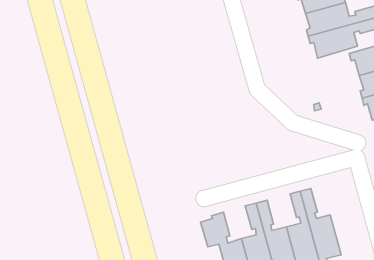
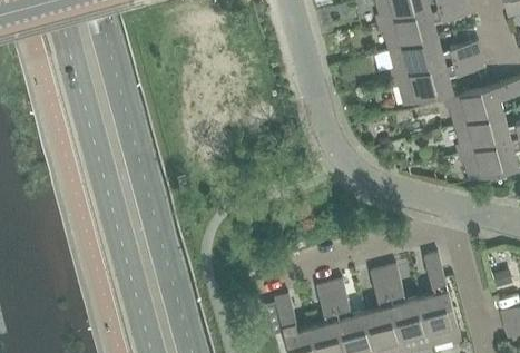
building: none -> [420,254,463,346]

